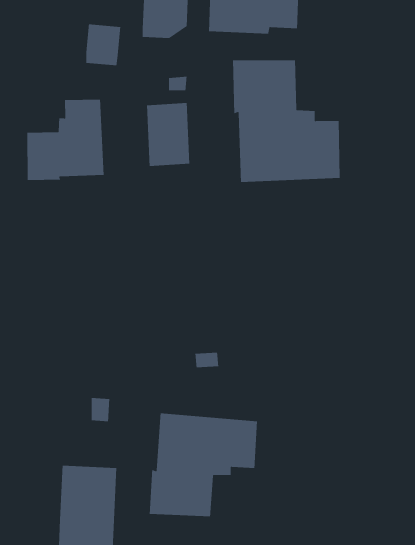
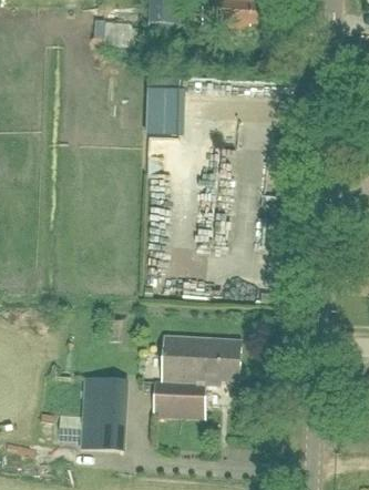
building: [232,59,341,183] -> none
building: [26,99,104,181] -> none

